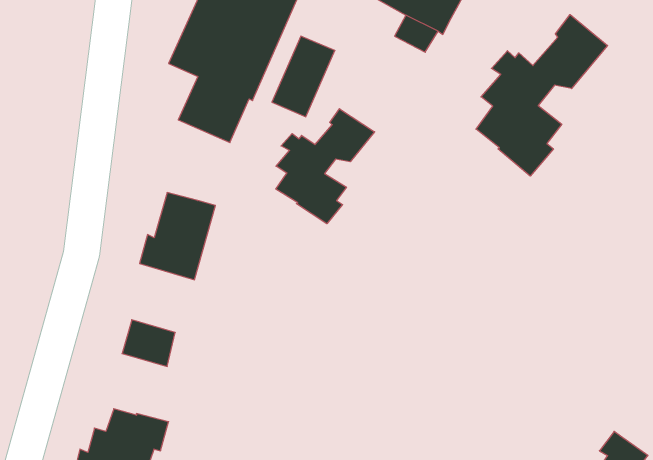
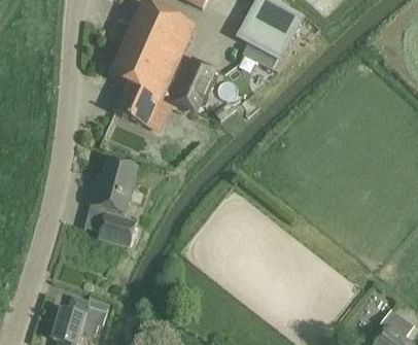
building: [476,15,608,176] -> none
building: [276,109,375,224] -> none
building: [122,320,175,366] -> [99,212,133,242]

